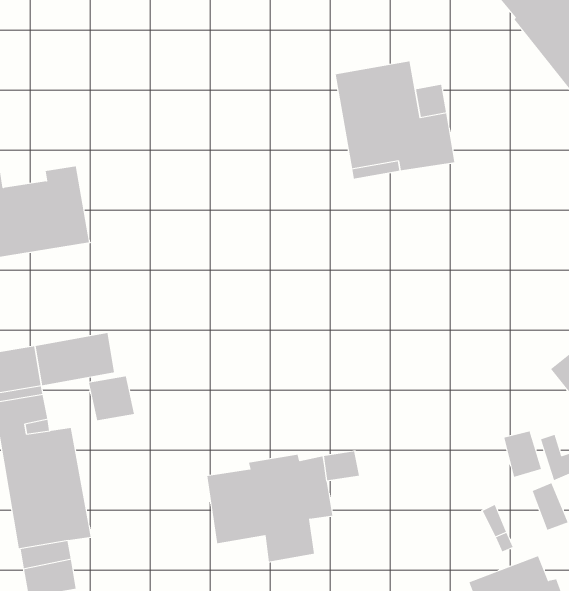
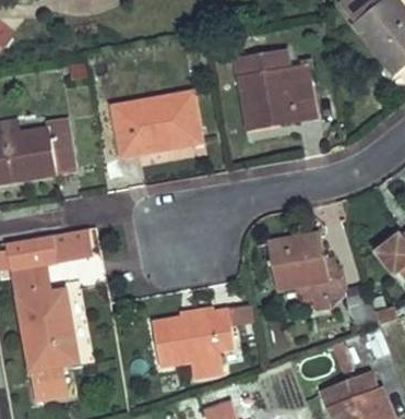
building: none -> [114,92,202,156]
building: none -> [267,234,345,311]

